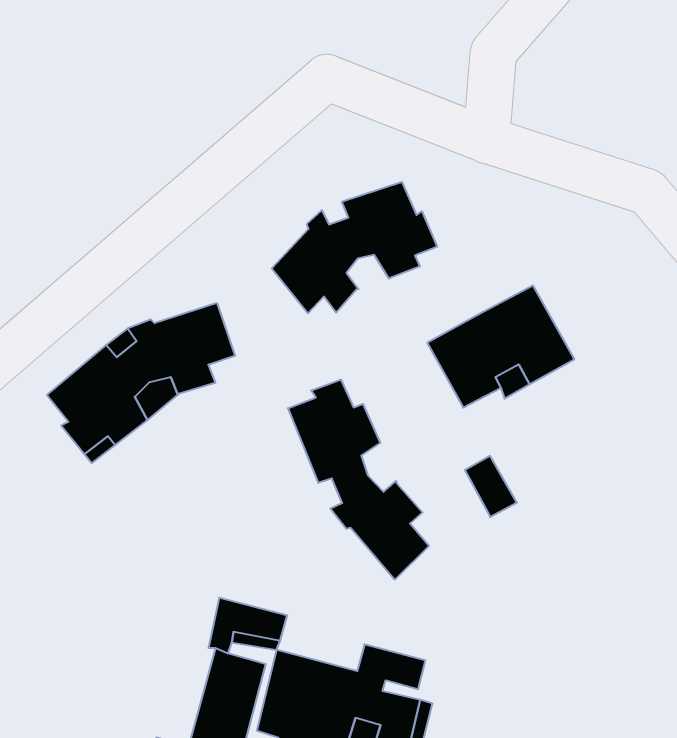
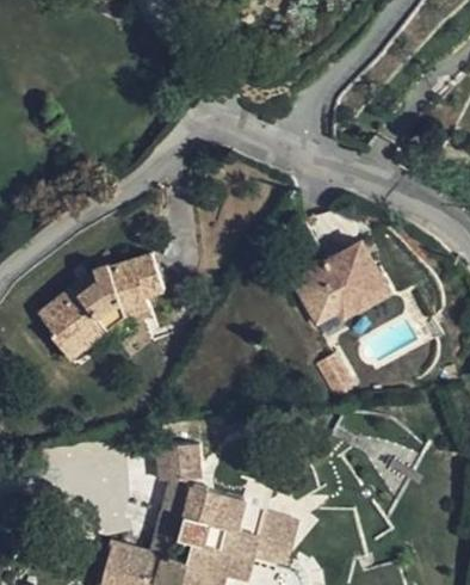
building: [272,182,437,313] -> none
building: [288,380,429,579] -> none

